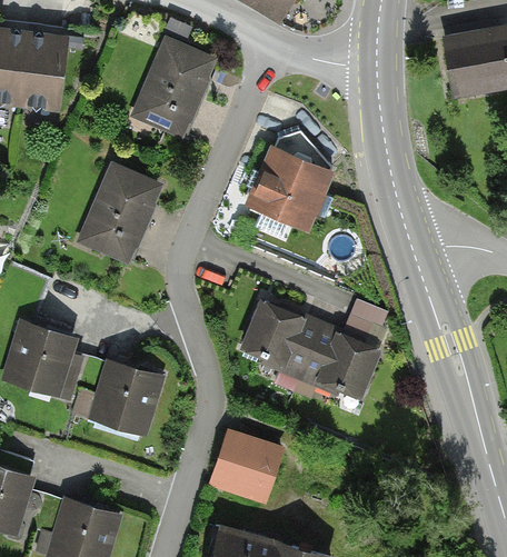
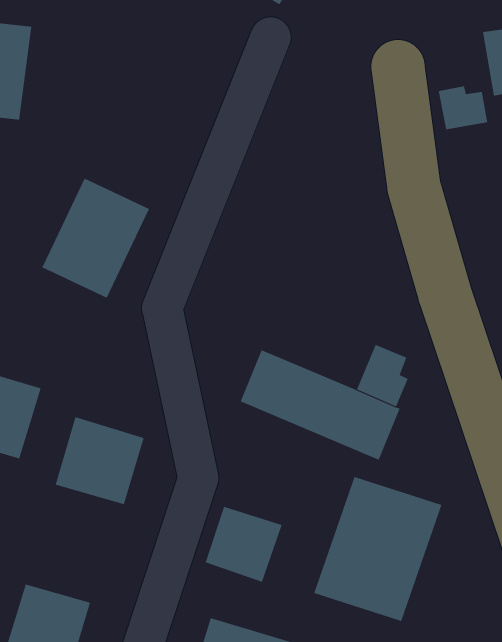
building: [131,36,218,136] -> none
building: none -> [438,85,488,130]
building: [248,131,331,238] -> none
building: none -> [313,476,442,622]

